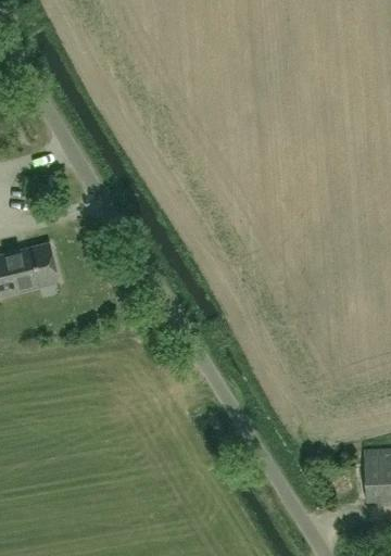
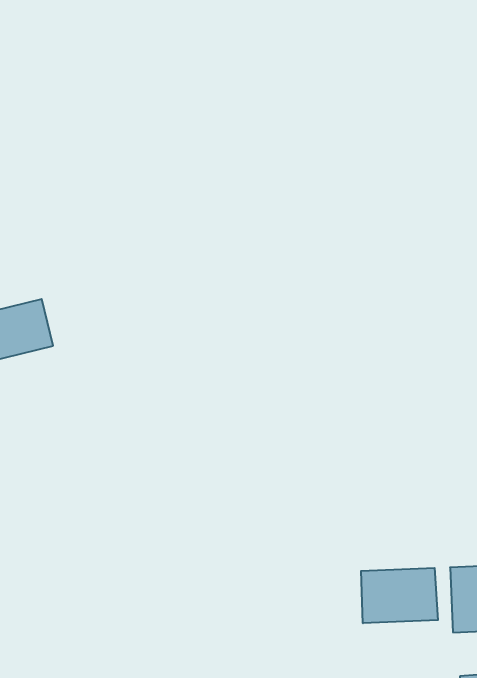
building: none -> [361,568,438,623]

